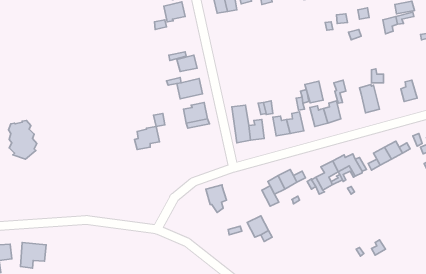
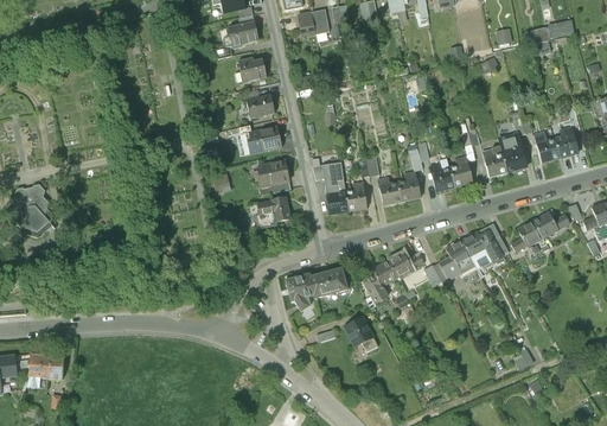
building: none -> [237,56,266,82]
building: [305,81,323,103] -> [481,146,506,176]
building: none -> [533,131,560,163]
building: [135,126,160,150] -> [255,196,289,228]
building: none -> [308,266,347,297]

